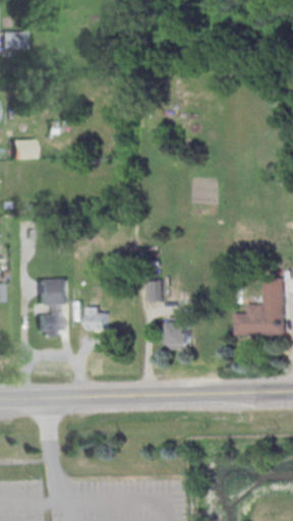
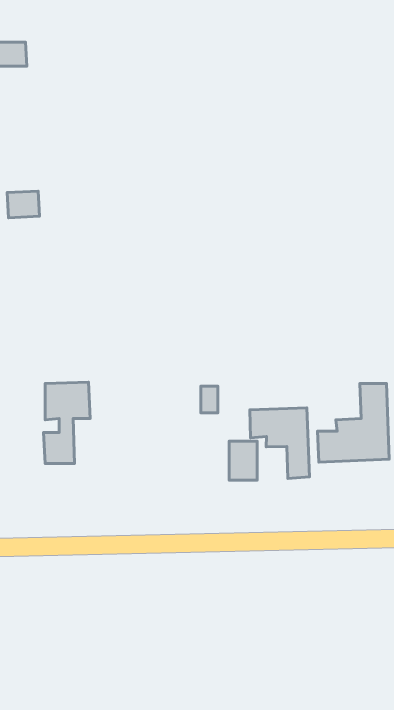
building: none -> [250,408,309,479]
building: [92,307,111,333] -> none

